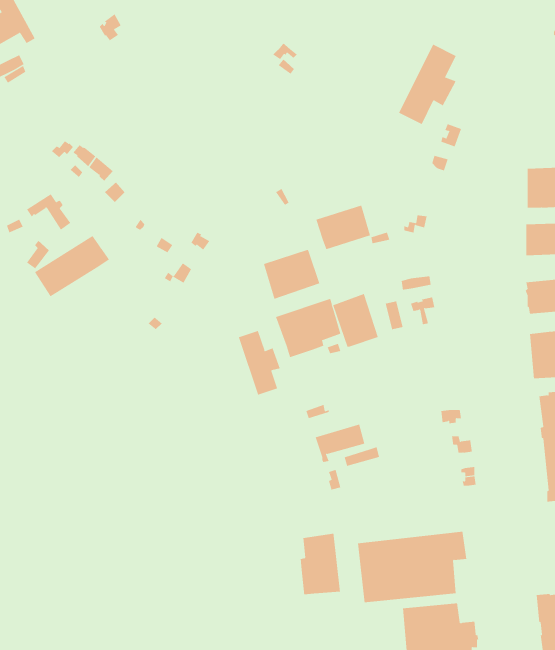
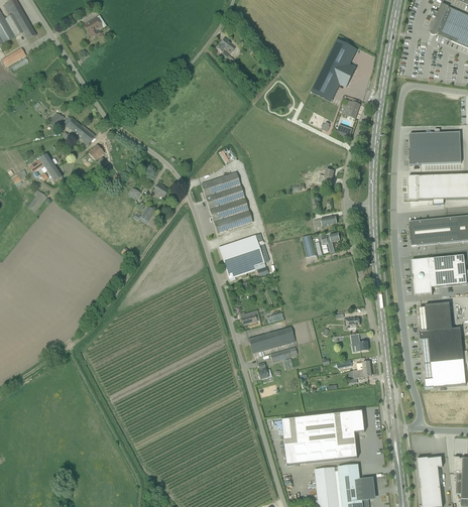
building: [315,205,371,250] -> [201,171,243,206]
building: [34,235,110,297] -> none
building: [333,293,378,348] -> none
building: [238,330,281,396] -> none
building: [300,533,340,595] -> none

